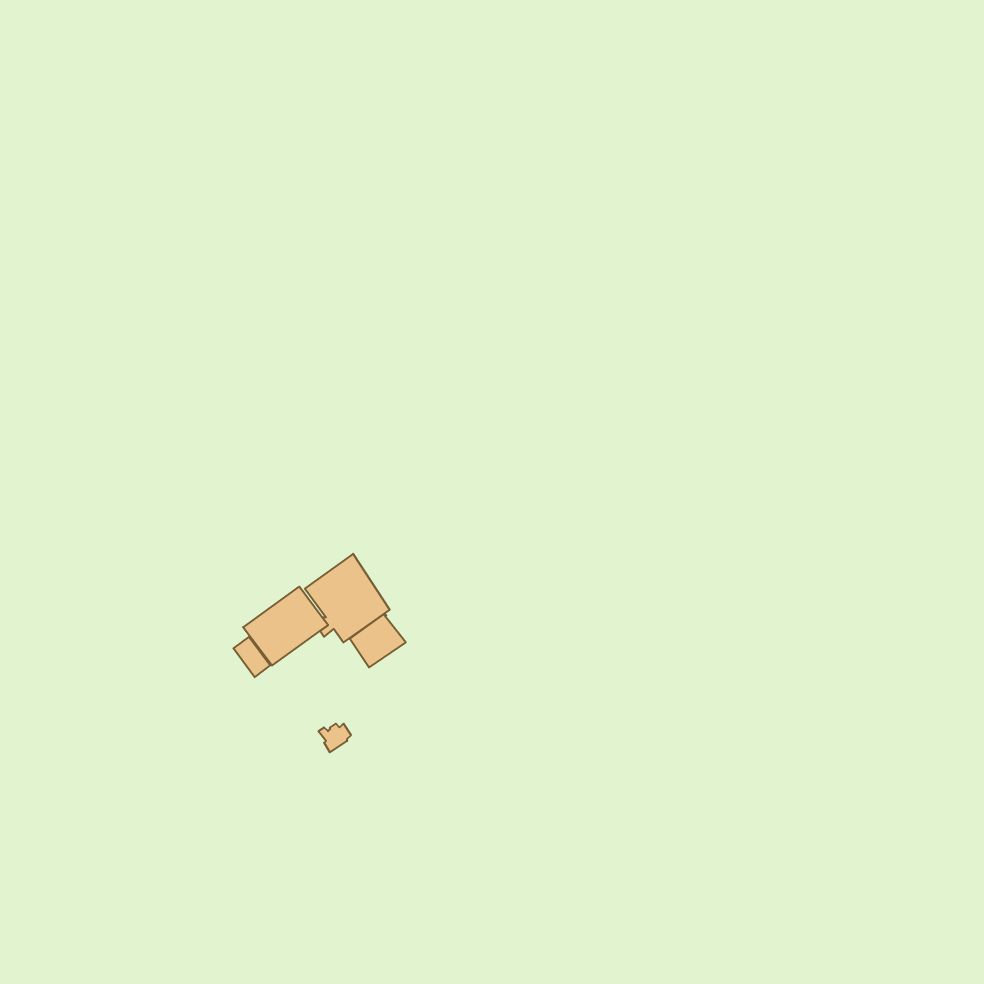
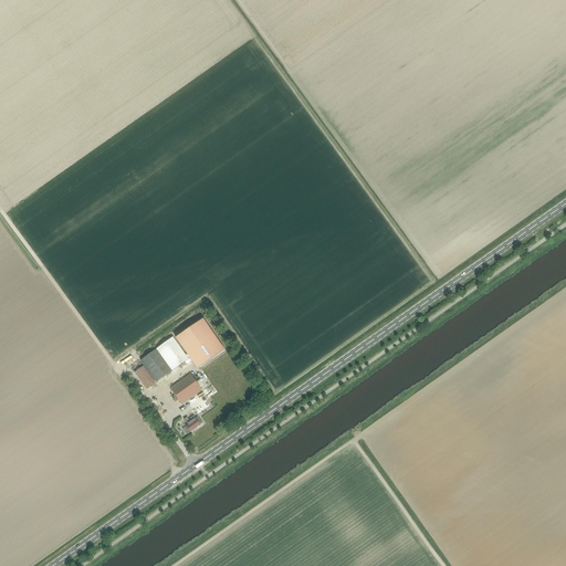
building: [350,613,406,667] -> [169,373,201,403]

